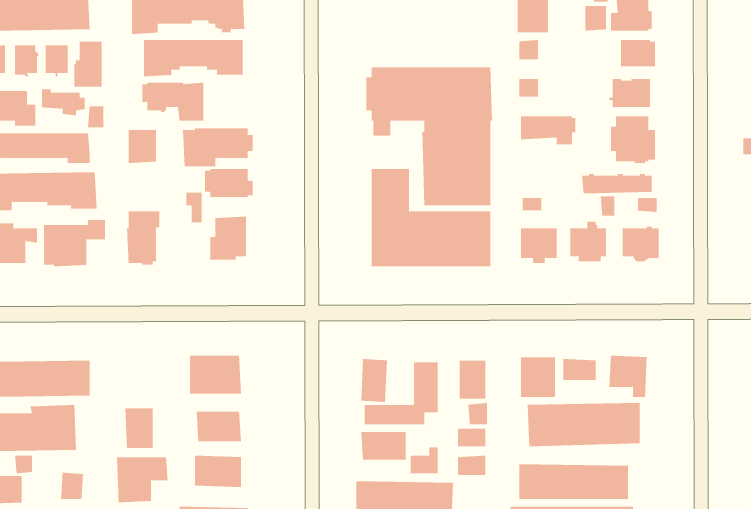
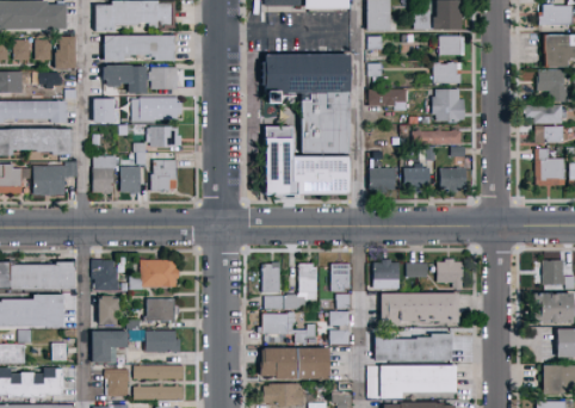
building: none -> [154,68,184,91]
building: none -> [125,168,146,196]
building: none -> [93,259,117,290]

